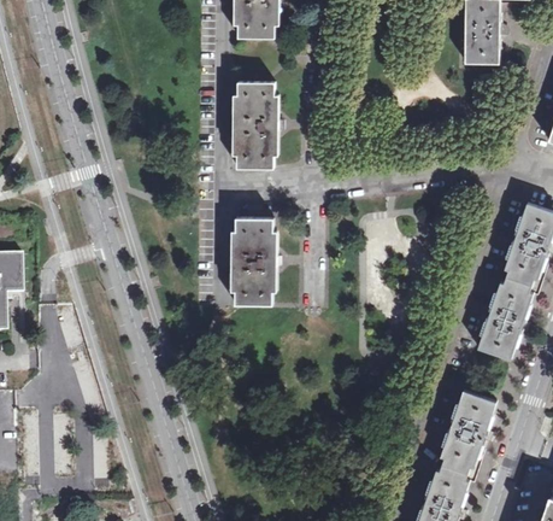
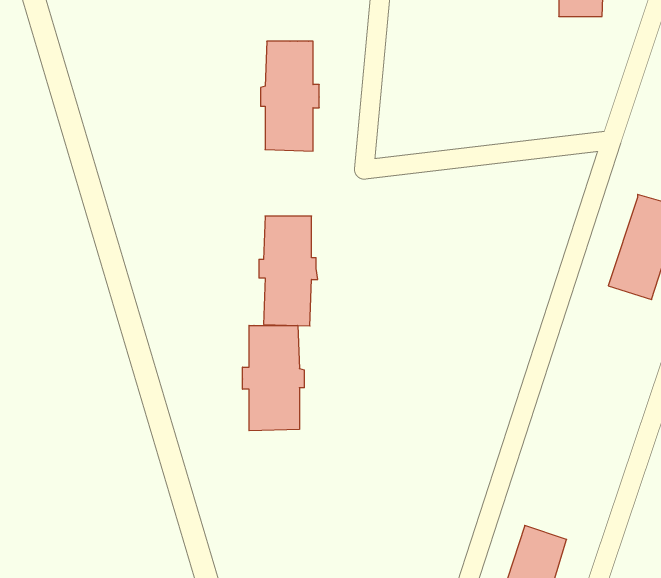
building: [480,274,537,356] -> none
building: none -> [243,325,304,431]
building: [439,391,495,472] -> none

